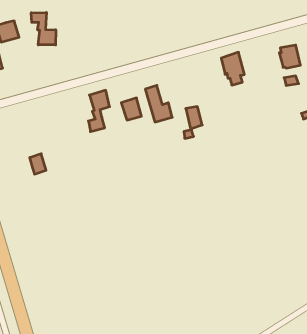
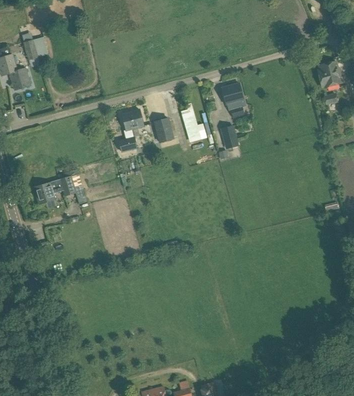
building: [31,12,56,45] -> none
building: [221,52,244,85] -> [222,82,246,116]
building: none -> [34,179,62,204]

